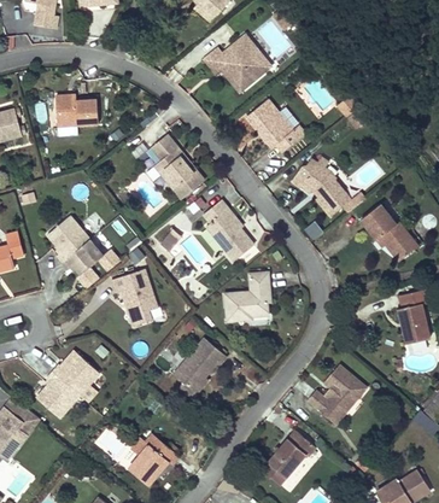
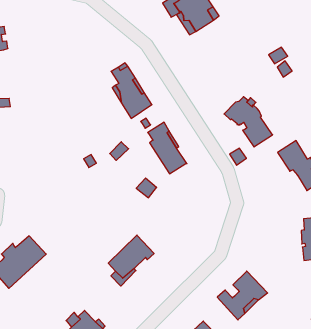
building: [57,94,99,125] -> none
building: [246,99,305,151] -> none
building: [47,215,104,274] -> none
building: [111,268,157,326] -> none
building: [224,271,270,321] -> none

